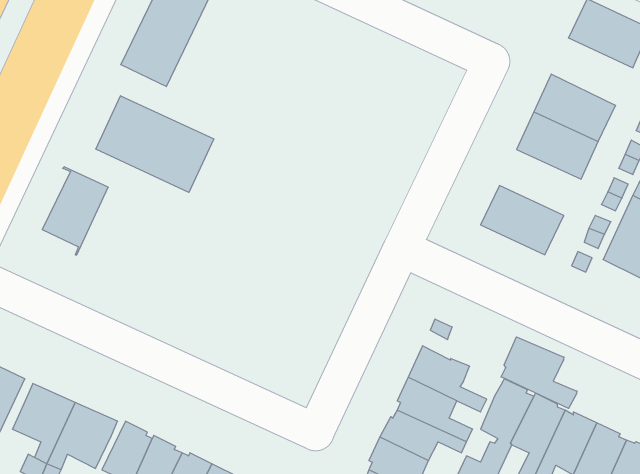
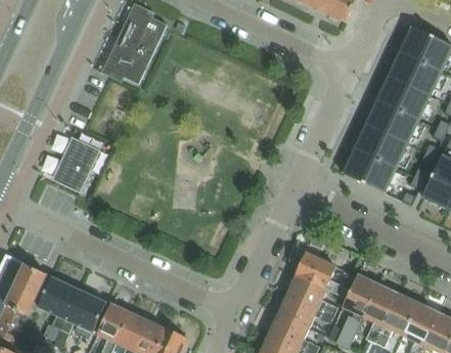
building: none -> [389,51,442,95]
building: [96,96,214,192] -> none
building: none -> [355,124,408,167]
building: [501,337,577,408] -> none

